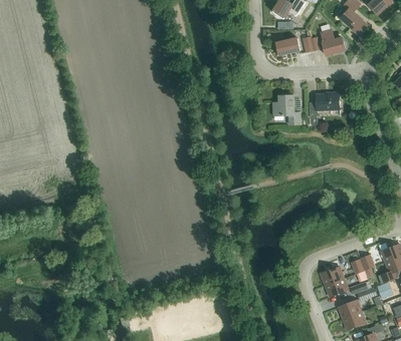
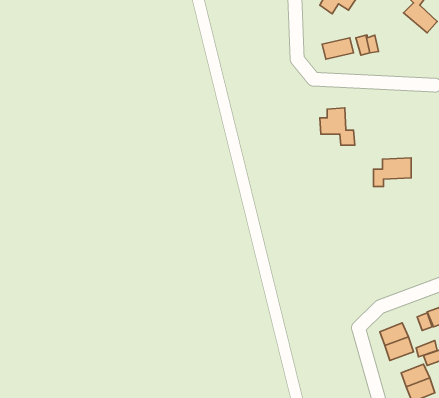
building: [321,28,346,55] -> none
building: [310,93,340,116] -> [374,158,411,187]

